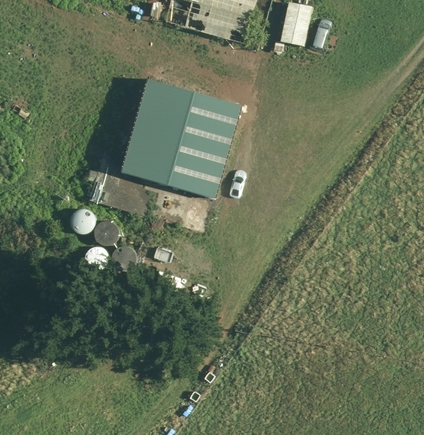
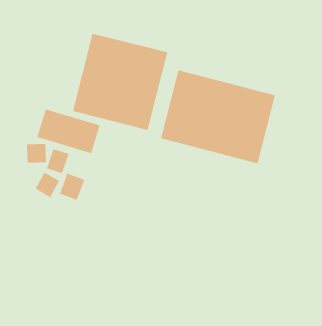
building: none -> [160,69,275,164]

